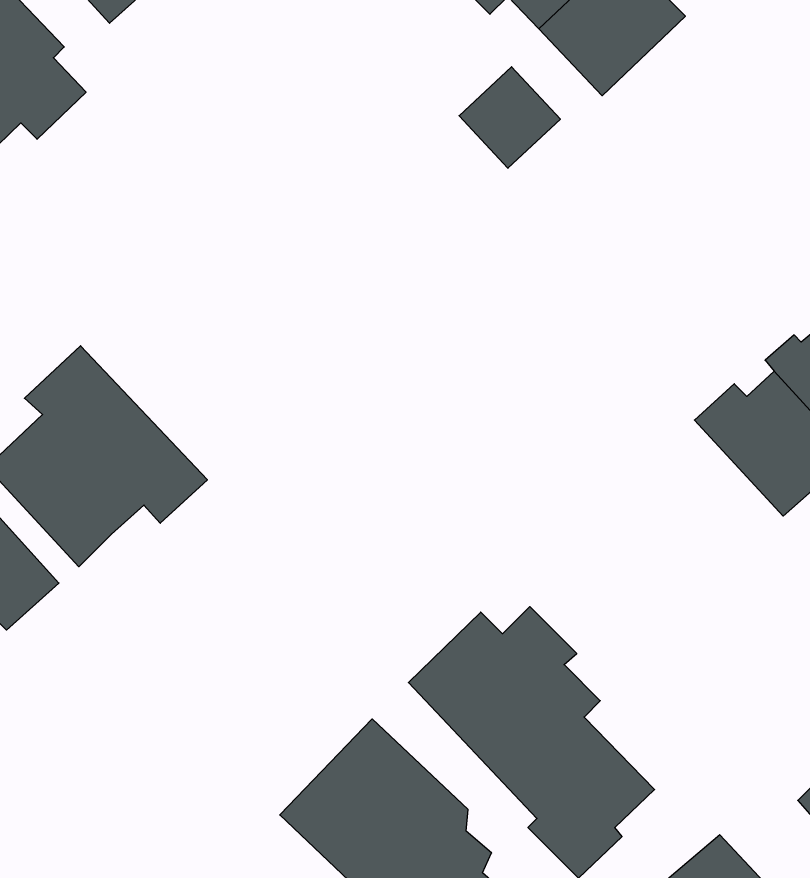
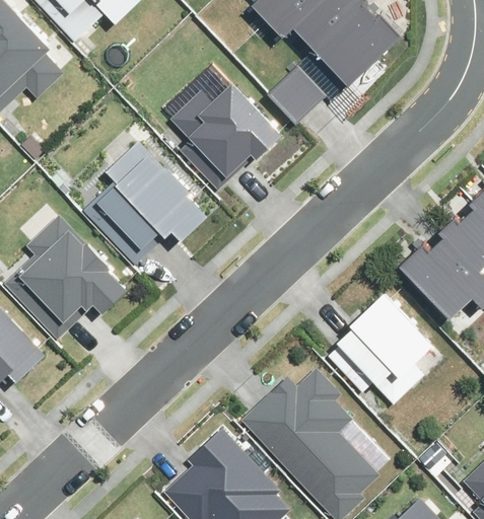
building: none -> [169,84,287,191]
building: none -> [86,144,206,267]
building: none -> [329,288,435,401]

